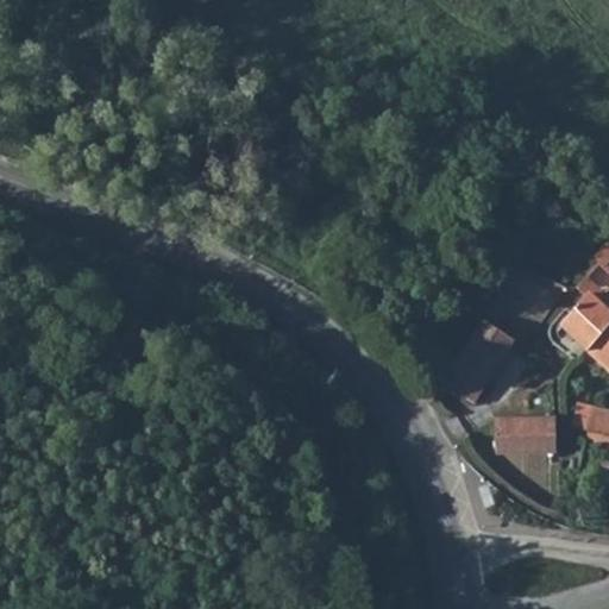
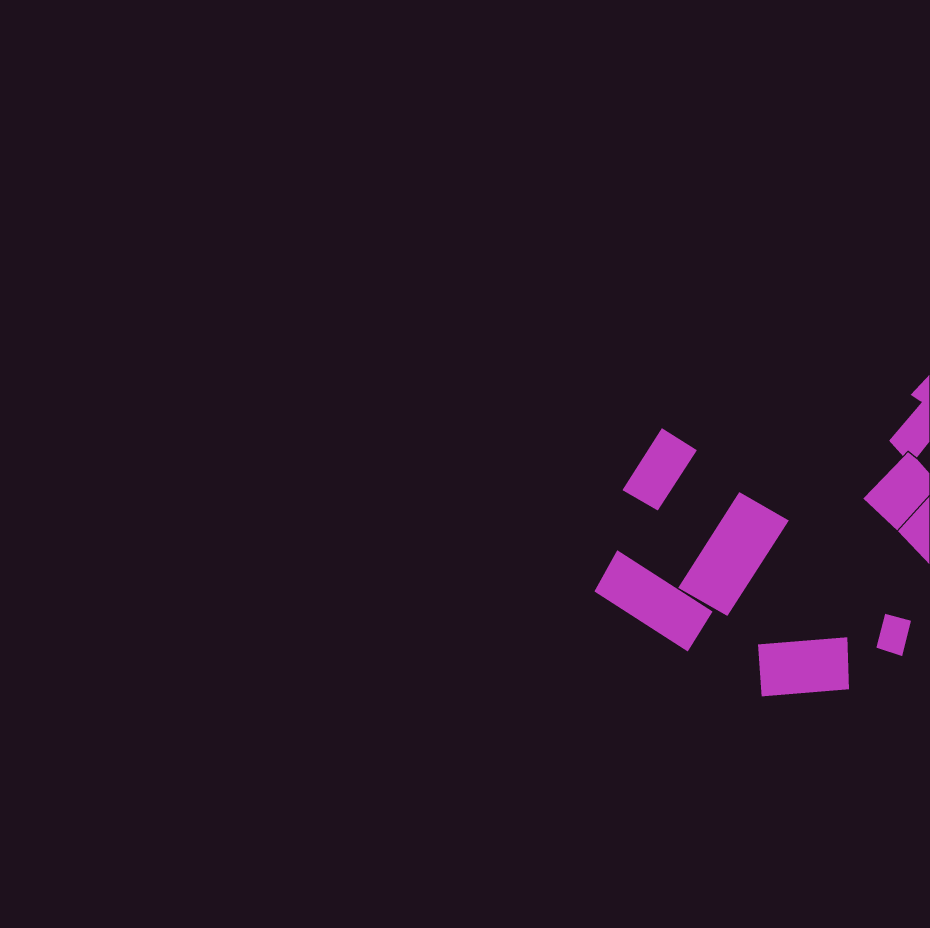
building: none -> [621,427,698,512]
building: none -> [593,549,713,652]

